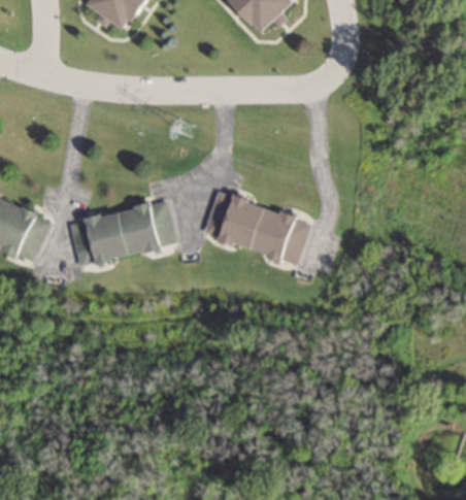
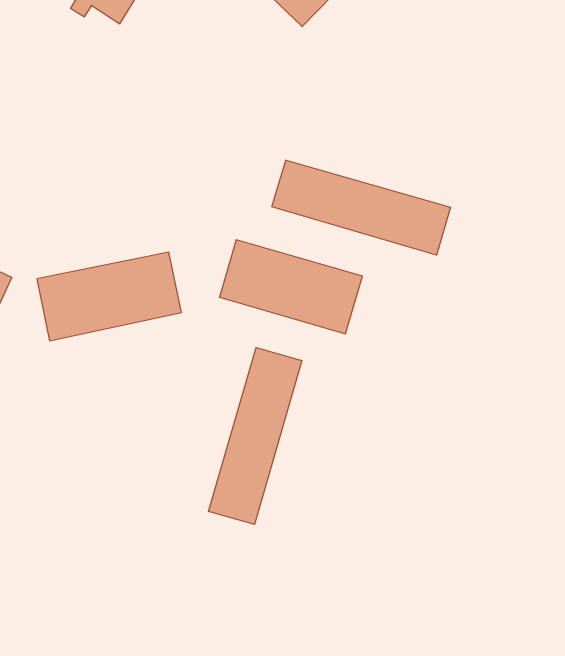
building: none -> [272,160,450,255]
building: none -> [209,348,302,524]

